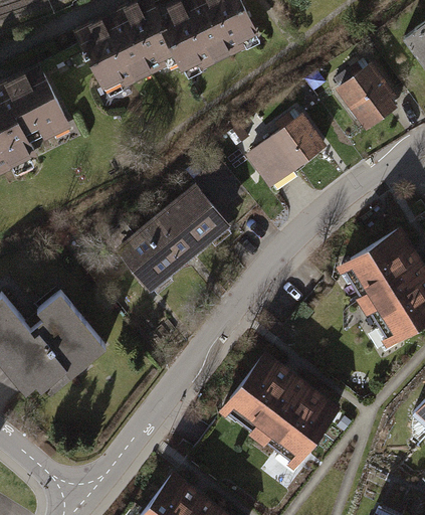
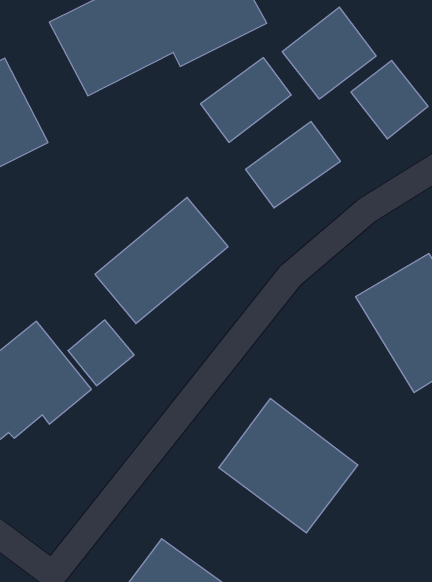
building: none -> [282,7,376,99]
building: none -> [201,58,291,142]
building: none -> [68,320,134,386]

